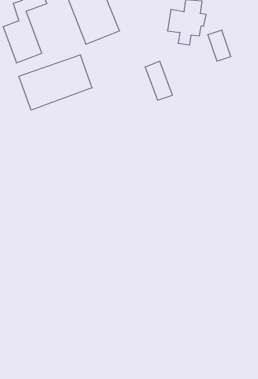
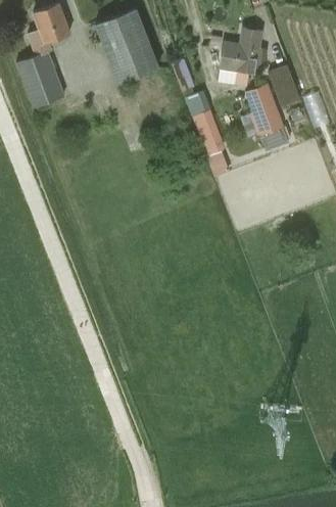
building: none -> [244,84,288,151]
building: [19,55,92,110] -> none

